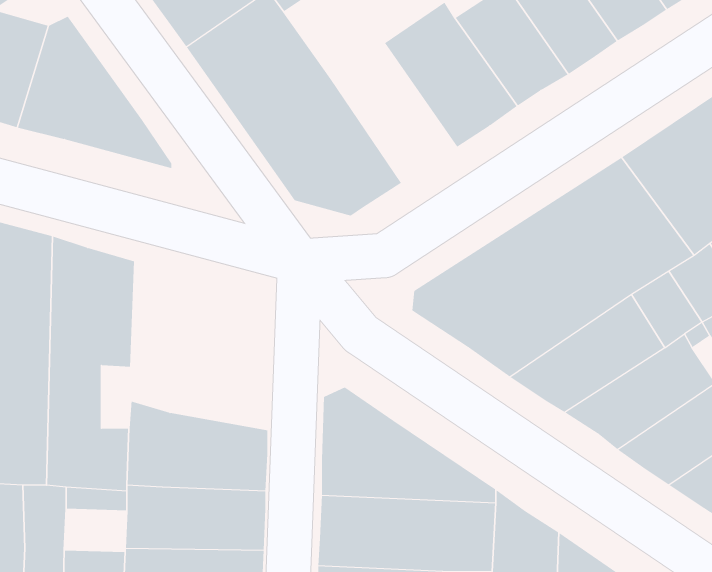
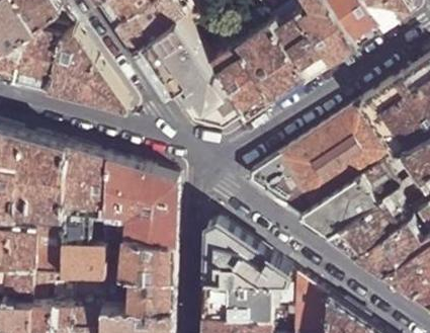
building: none -> [209,47,274,118]
building: none -> [106,159,179,246]

